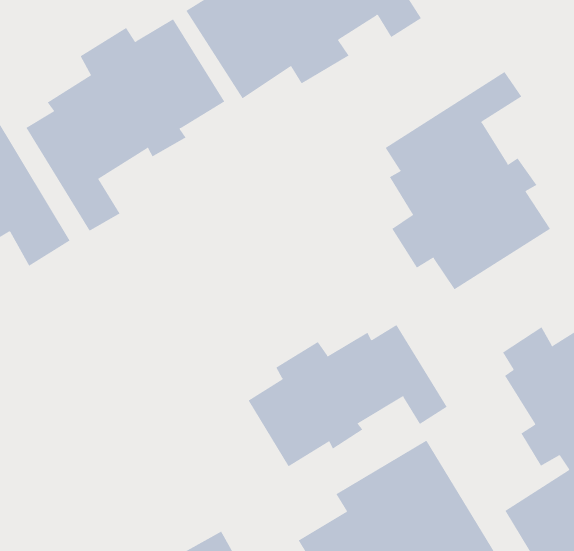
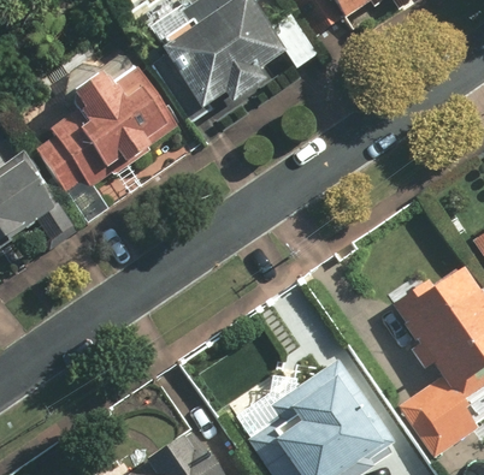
building: [385,71,551,290] -> none
building: [248,324,447,467] -> none

